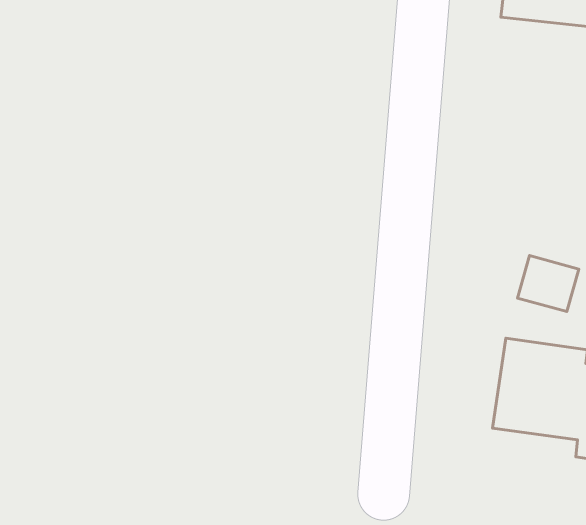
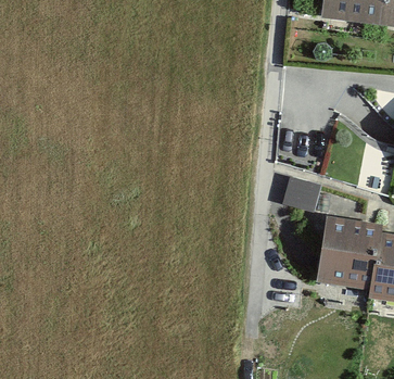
building: [518,256,579,312] -> [280,176,319,212]

